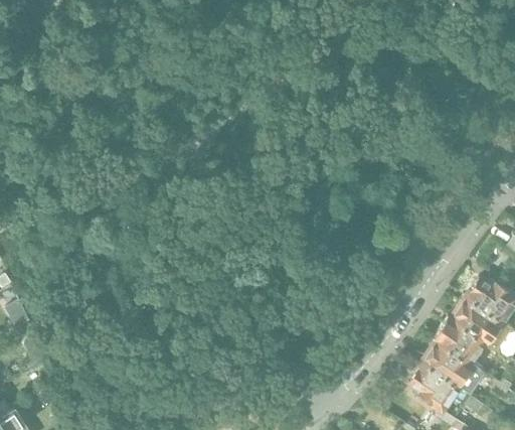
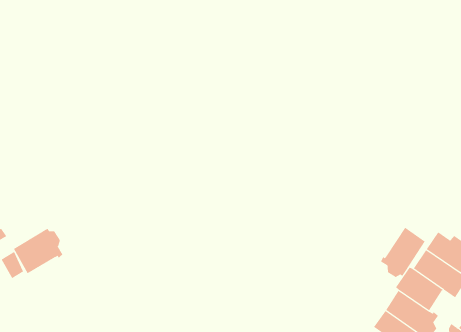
building: none -> [380,227,426,278]
building: none -> [13,228,63,274]

